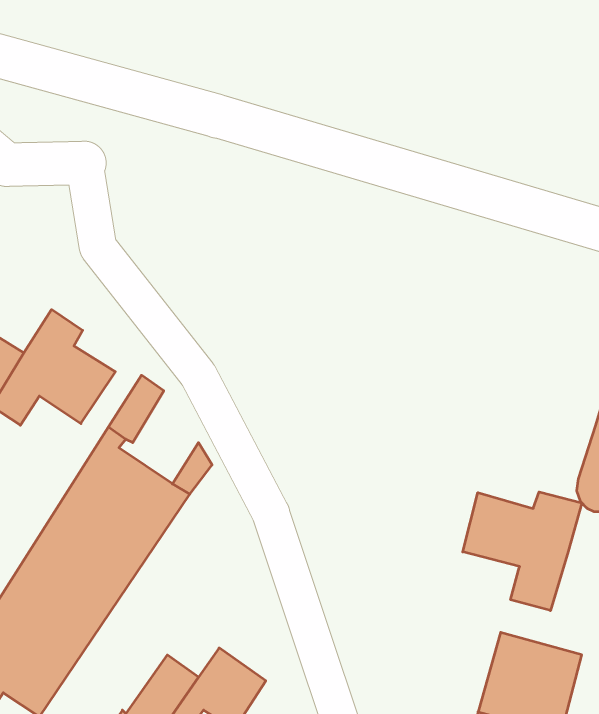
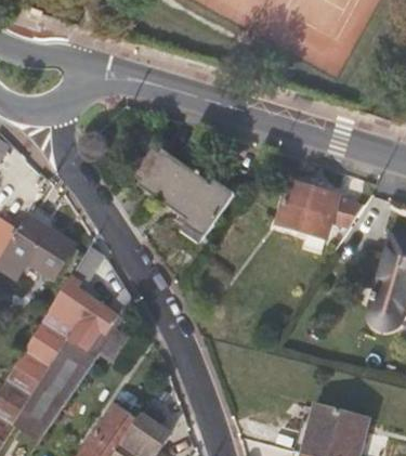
building: none -> [132,152,233,242]
building: none -> [277,183,365,238]
building: [463,492,582,611] -> none

